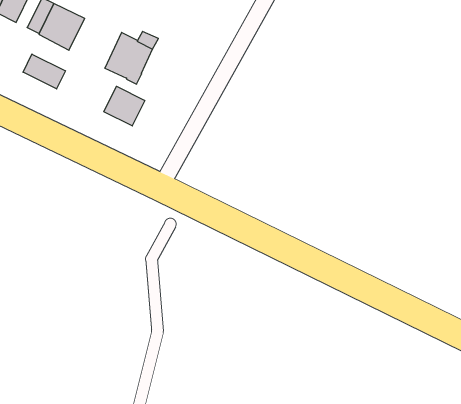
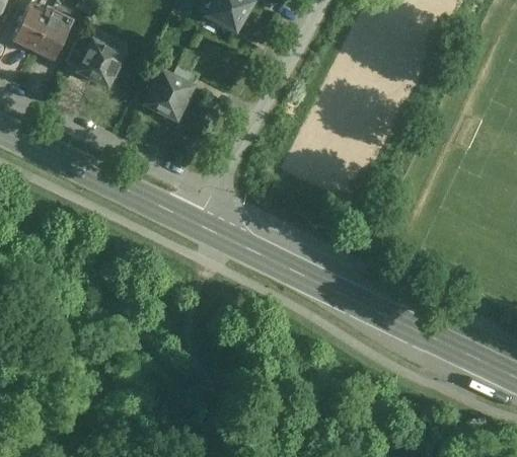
building: [23,54,65,89] -> none
building: [104,86,145,126] -> none

